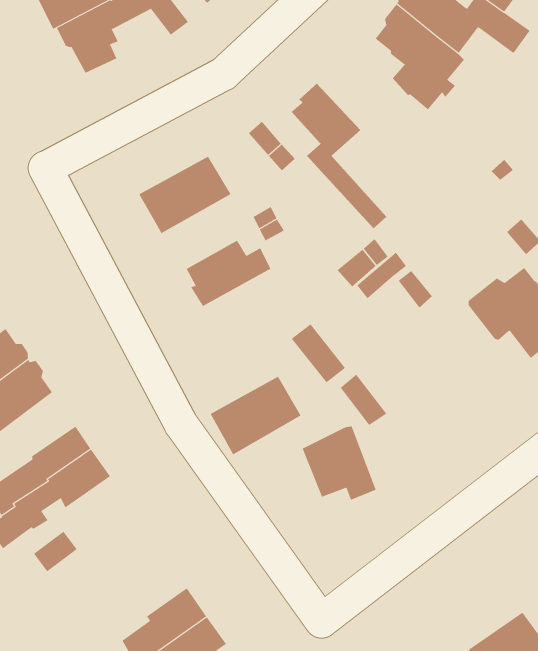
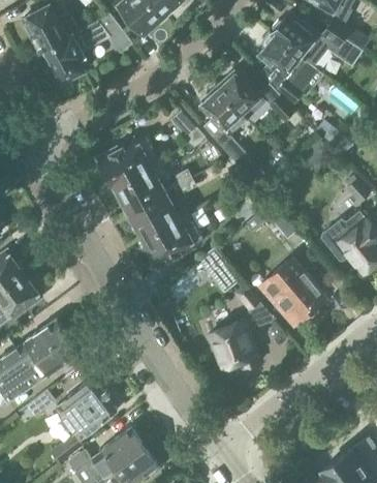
building: none -> [219,70,296,122]
building: none -> [114,161,169,212]
building: none -> [259,255,326,320]
building: [210,376,301,455] -> [142,212,203,266]
building: none -> [52,379,118,463]

